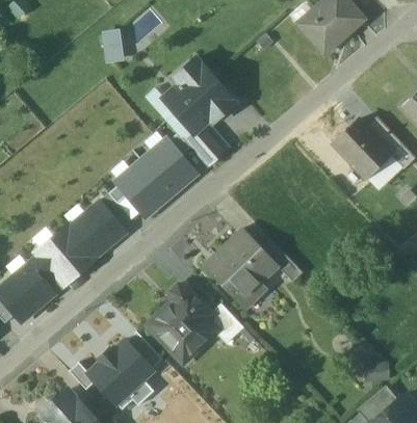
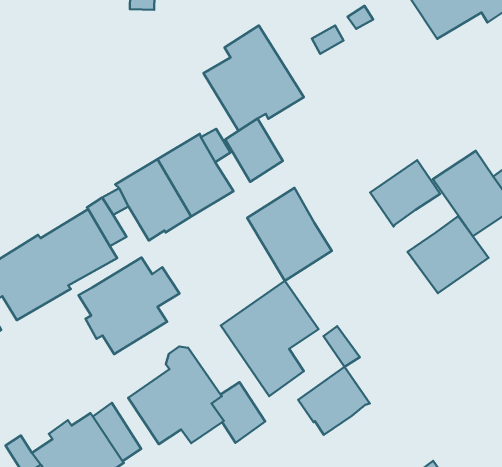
building: none -> [370,160,440,226]
building: none -> [247,188,332,281]
building: none -> [408,216,489,293]
building: none -> [79,257,179,354]
building: none -> [298,367,370,435]

